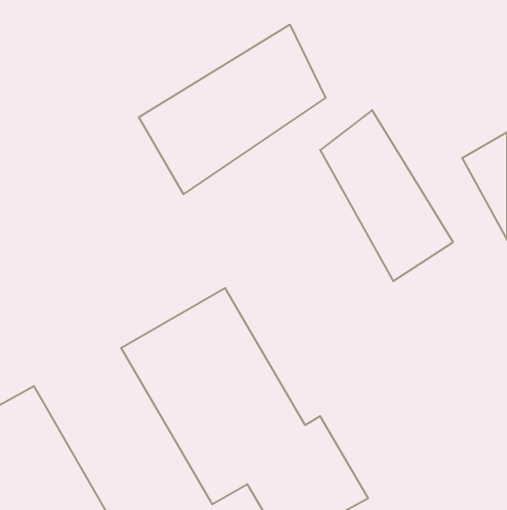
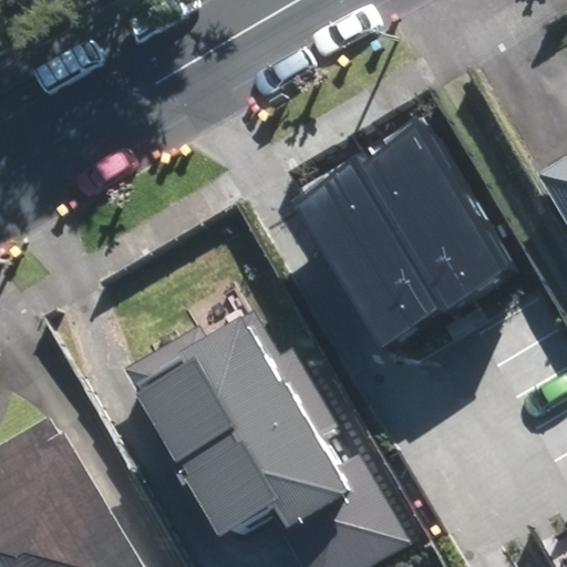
building: [139,25,325,194] -> none
building: none -> [284,158,435,349]

